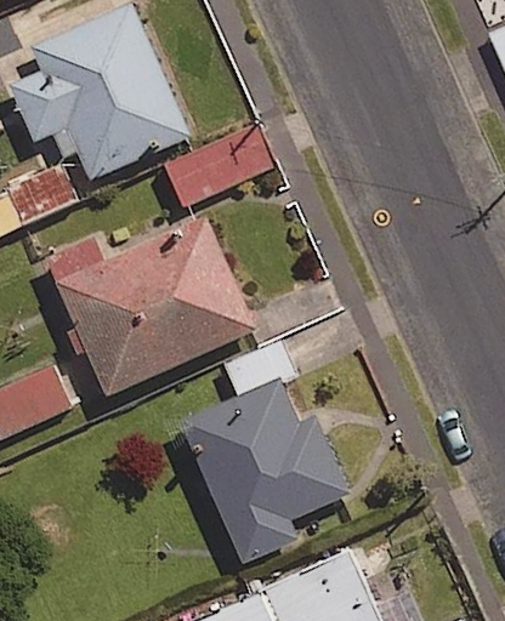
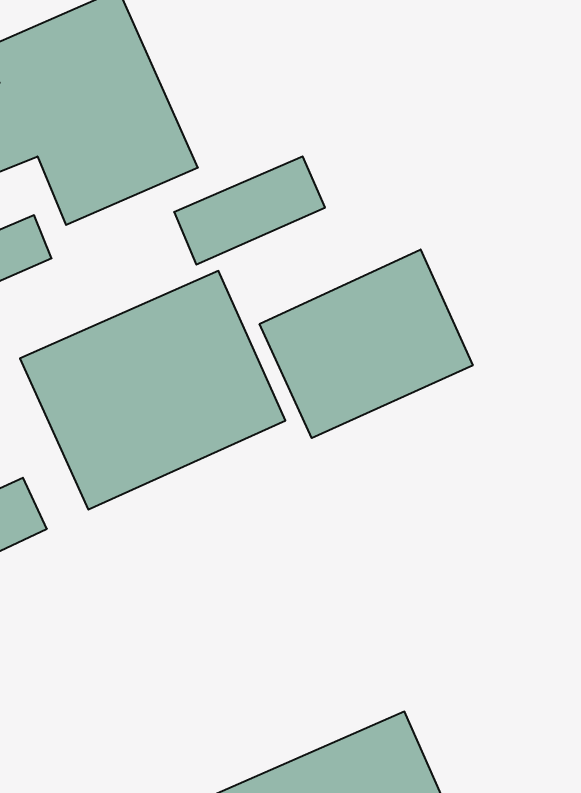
building: none -> [260,249,473,438]
building: [180,378,348,562] -> none

